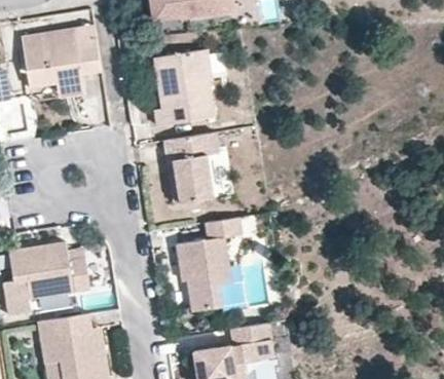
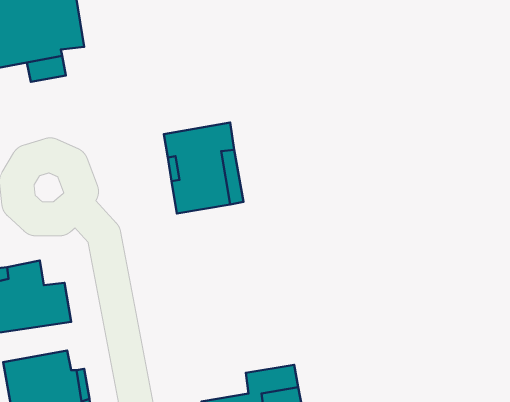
building: [153,49,213,126] -> none
building: [177,217,242,310] -> none

